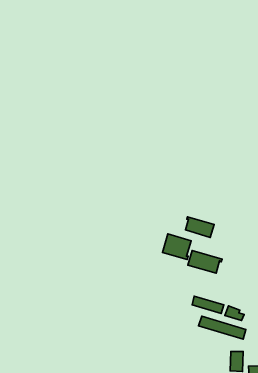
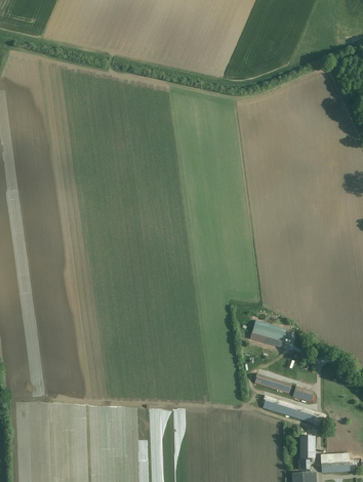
building: [185,217,214,238] -> none
building: [162,234,191,260] -> none

